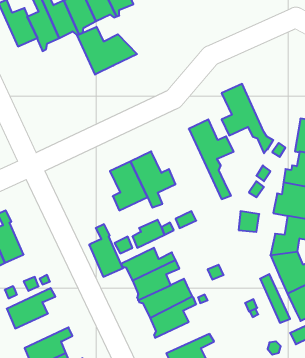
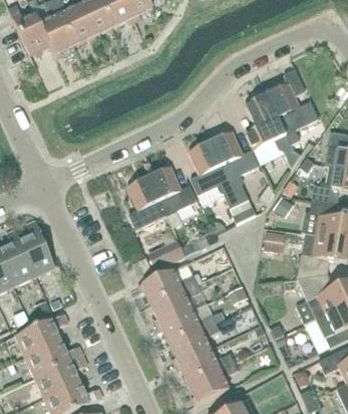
building: [77,27,137,75] -> none
building: none -> [268,69,319,145]
building: none -> [189,142,246,222]
building: [89,224,123,277] -> [19,220,55,276]
building: none -> [25,340,82,377]
building: none -> [175,349,233,383]

